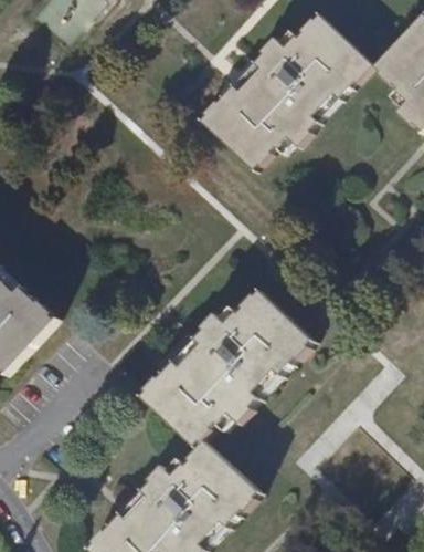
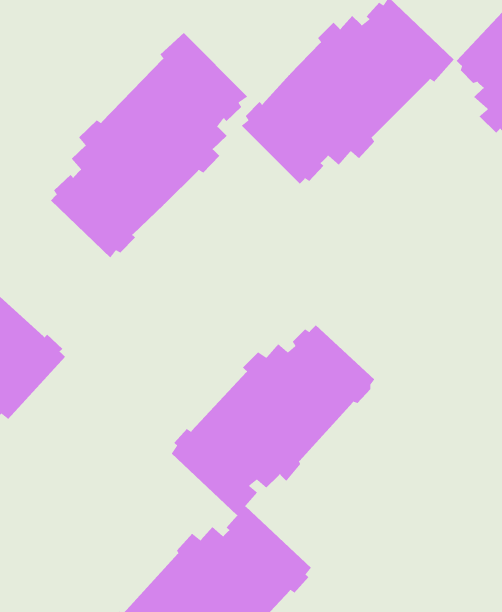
building: none -> [50,32,248,258]

